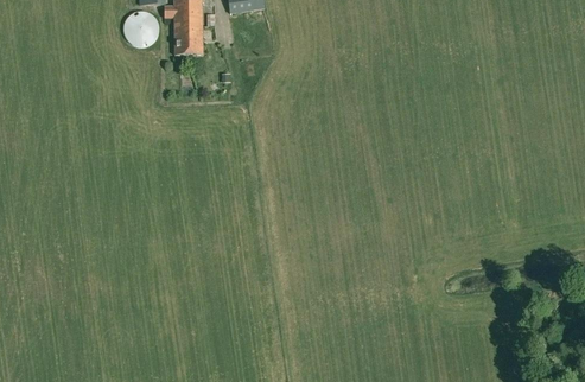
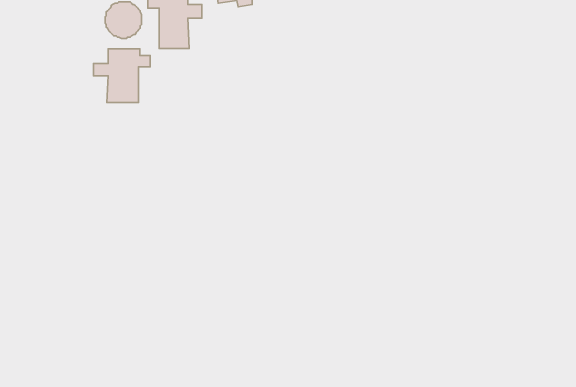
building: none -> [94,49,150,103]

